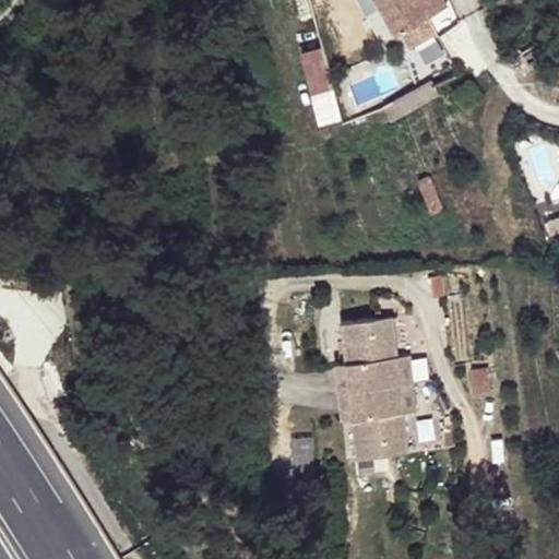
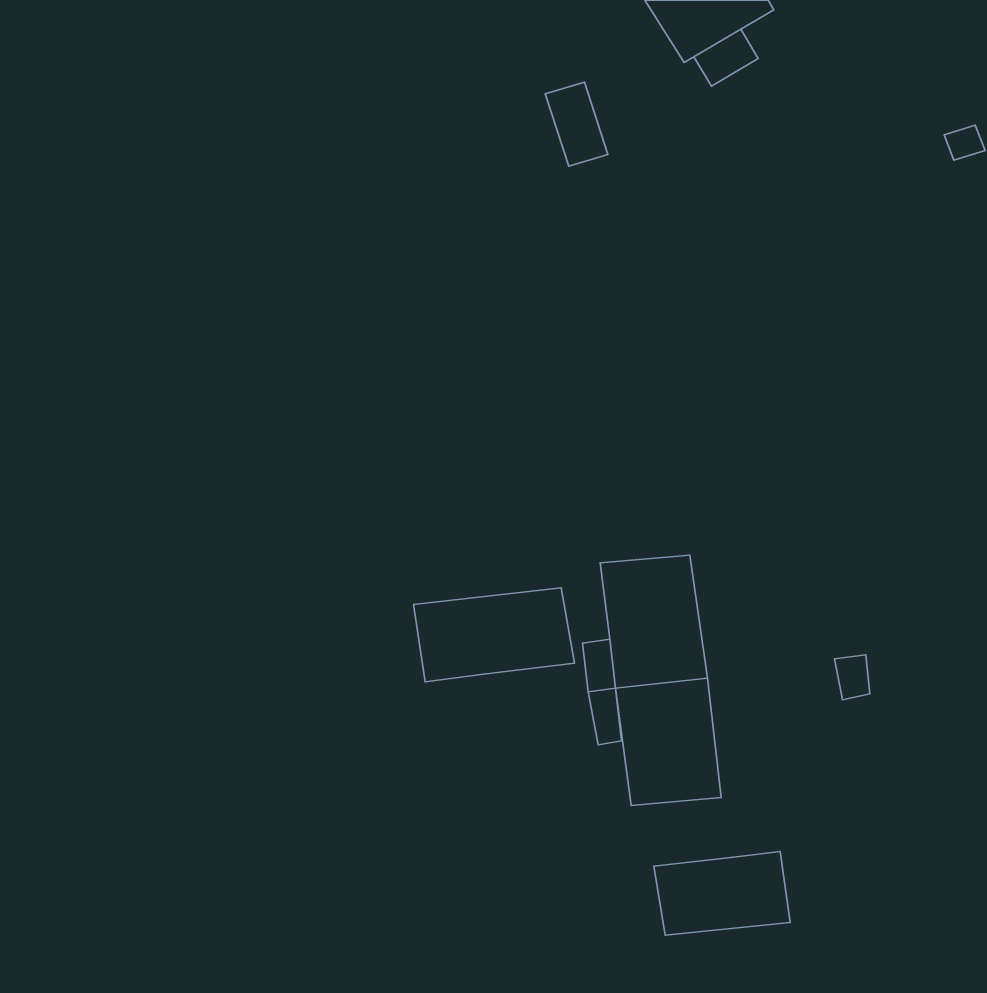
building: none -> [414,588,575,682]
building: none -> [654,852,790,935]

